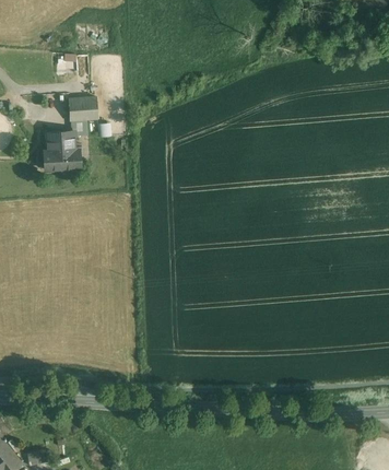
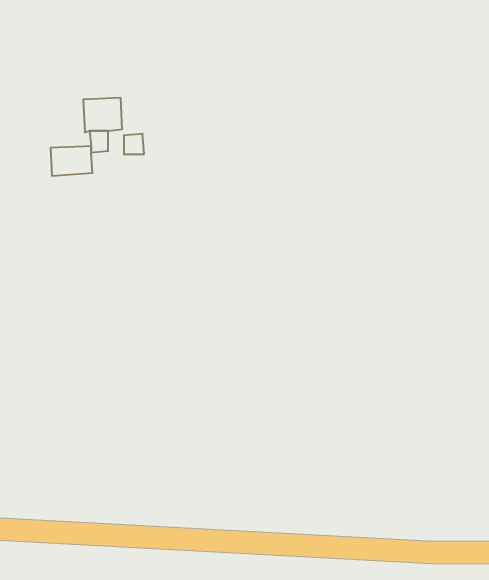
building: [44,151,80,172] -> none

